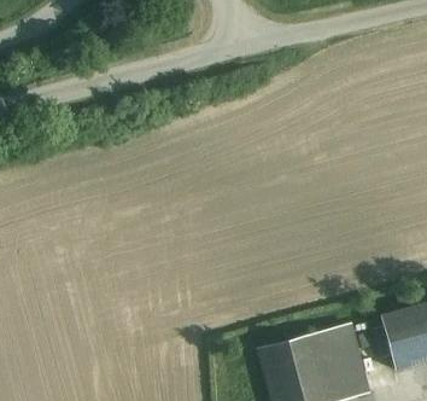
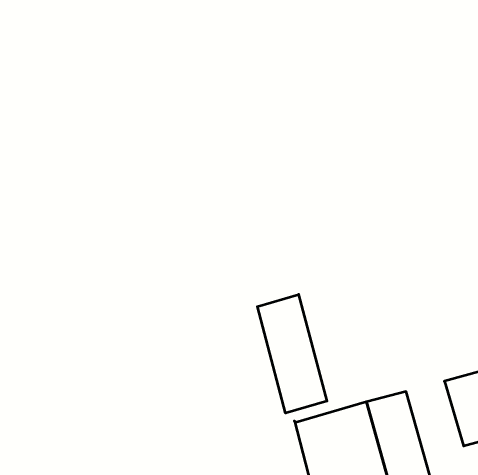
building: none -> [257,294,327,413]

